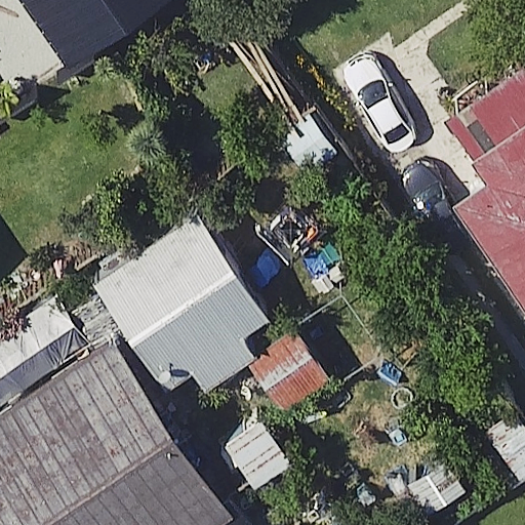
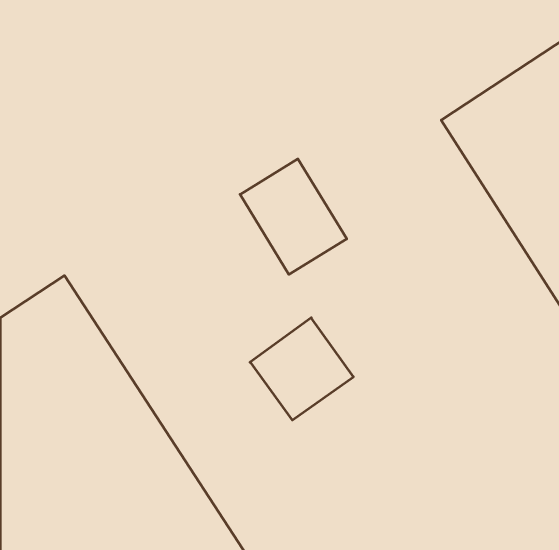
building: [79,196,254,378] -> none

